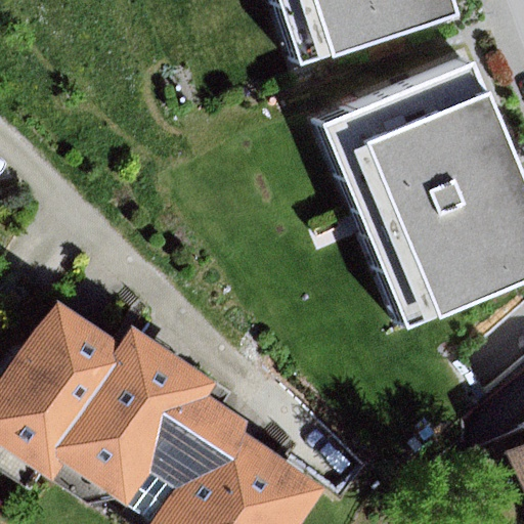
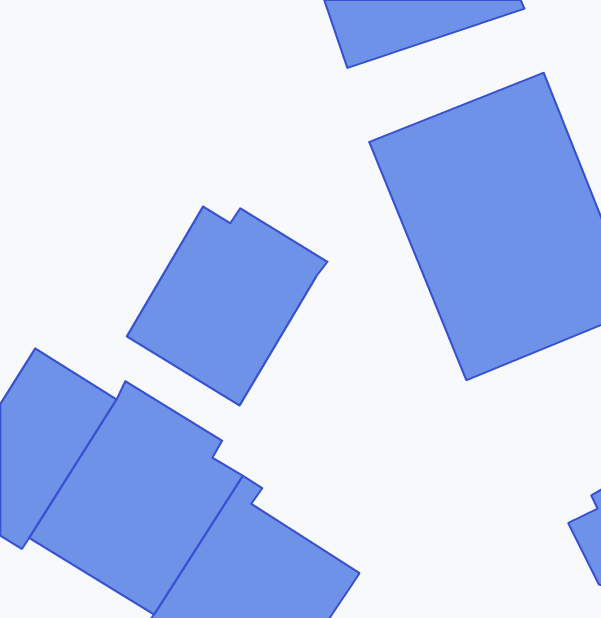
building: none -> [127,206,328,406]

